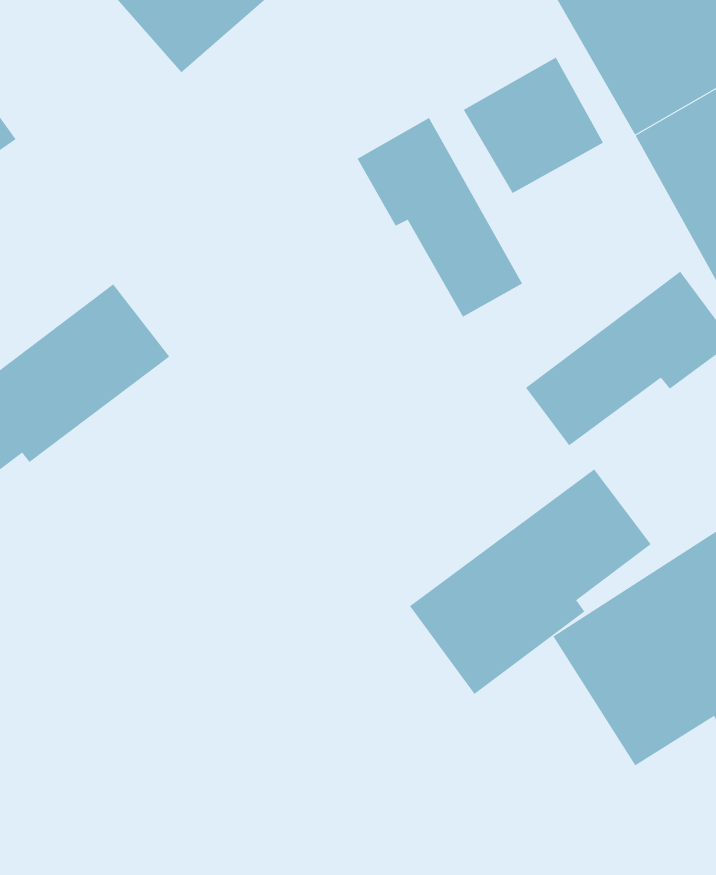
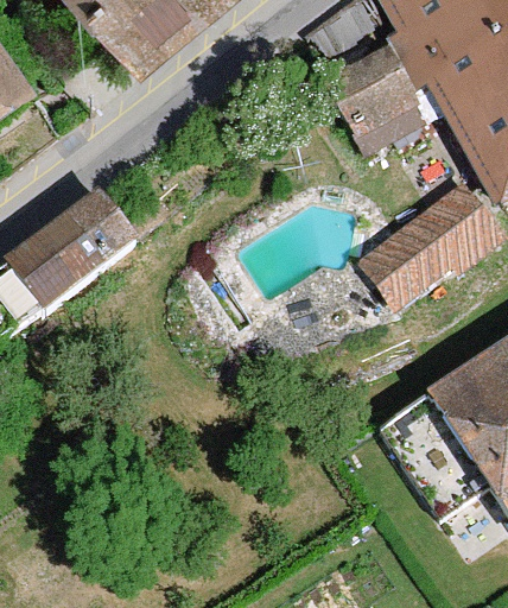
building: [357,117,523,318] -> none
building: [409,468,652,695] -> none

